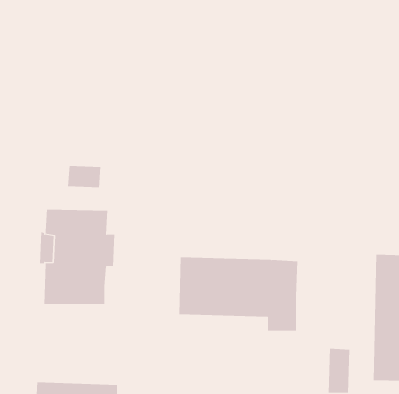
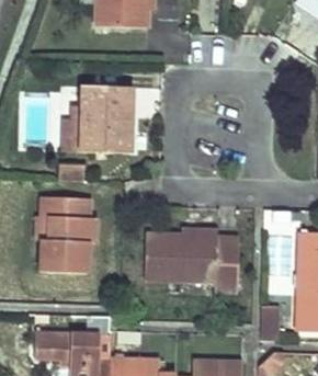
building: none -> [81,84,132,151]

